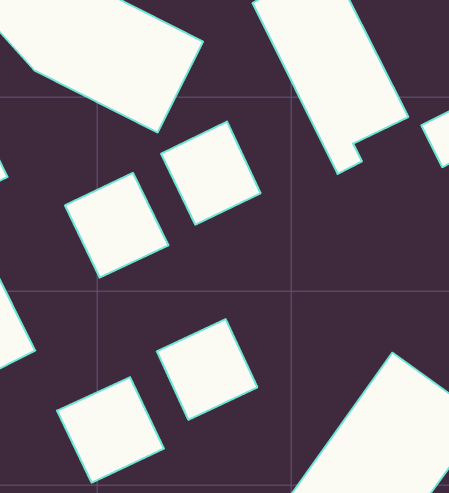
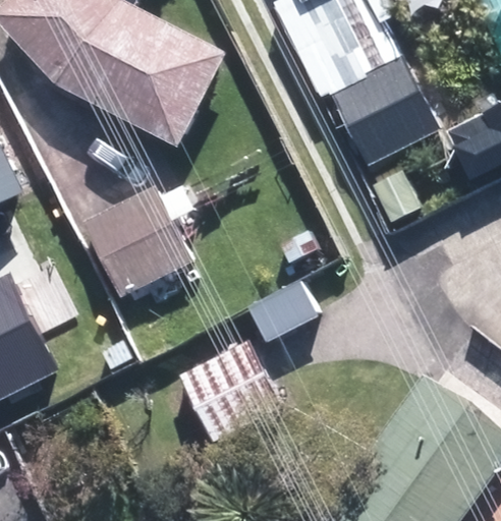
building: [161,121,260,225] -> none
building: [57,377,164,483] -> none

